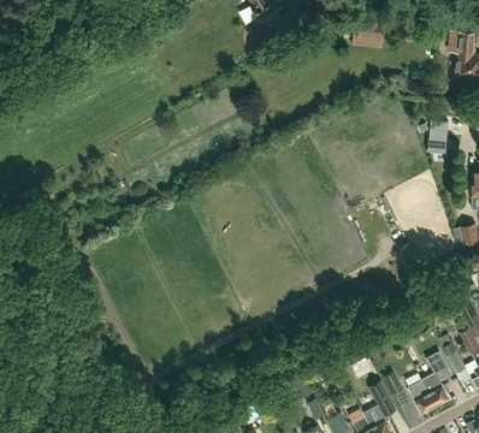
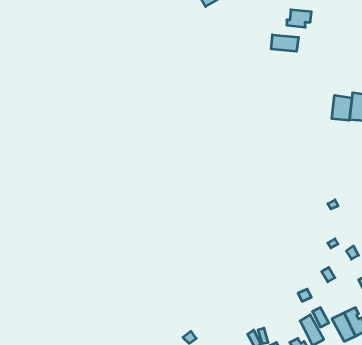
building: none -> [271,35,299,51]
building: none -> [332,95,352,120]

